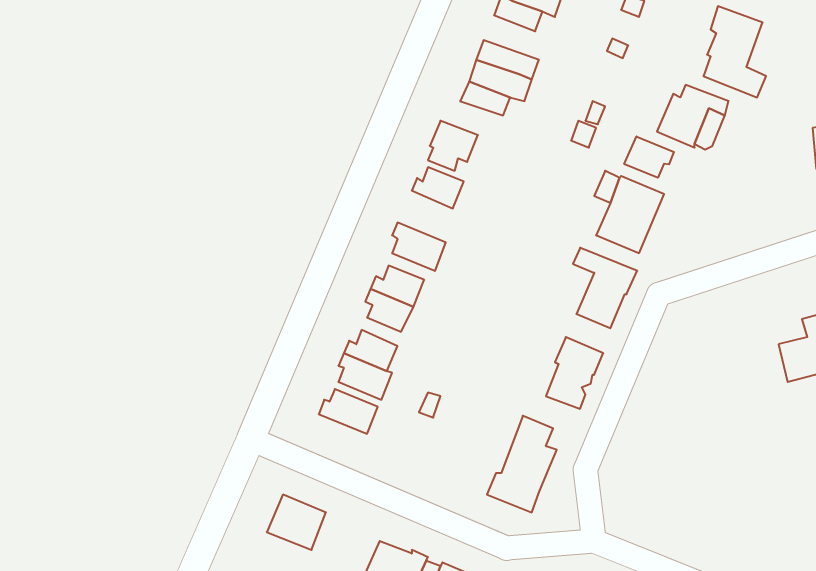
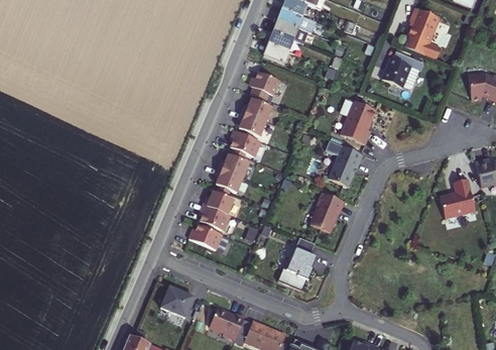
building: none -> [279,12,319,38]
building: [624,136,674,178] -> none
building: none -> [236,111,262,135]

